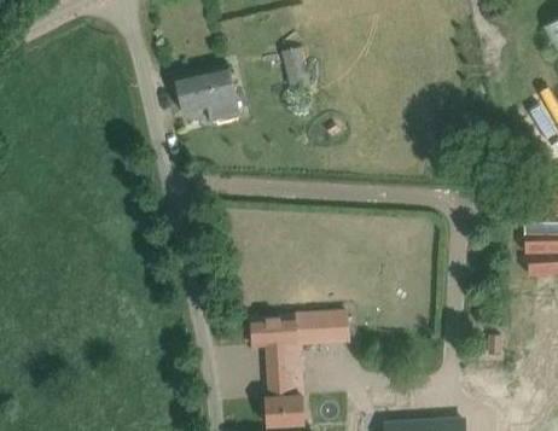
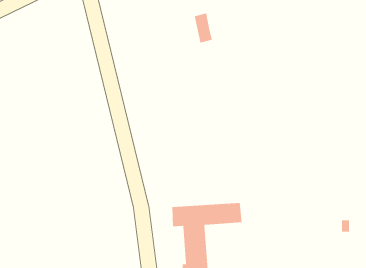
building: [174,65,240,123] -> none

